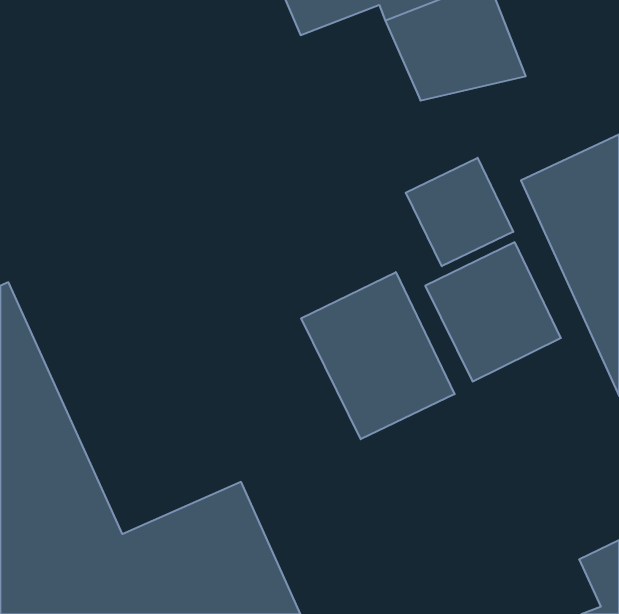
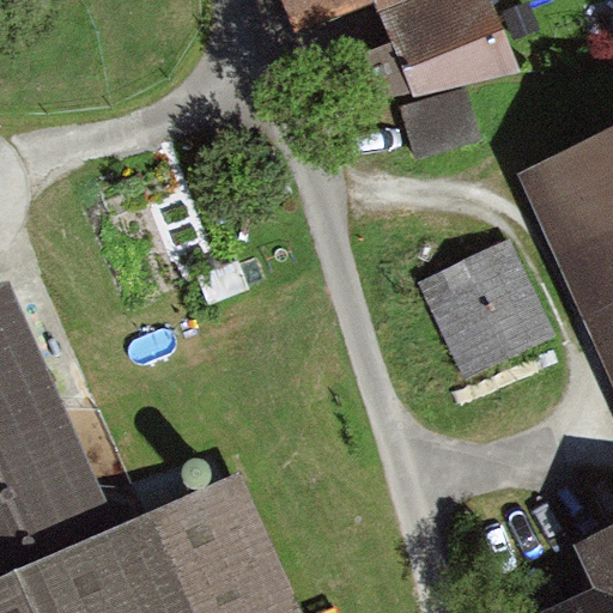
building: [406,158,513,266] -> none
building: [301,272,455,439] -> none

